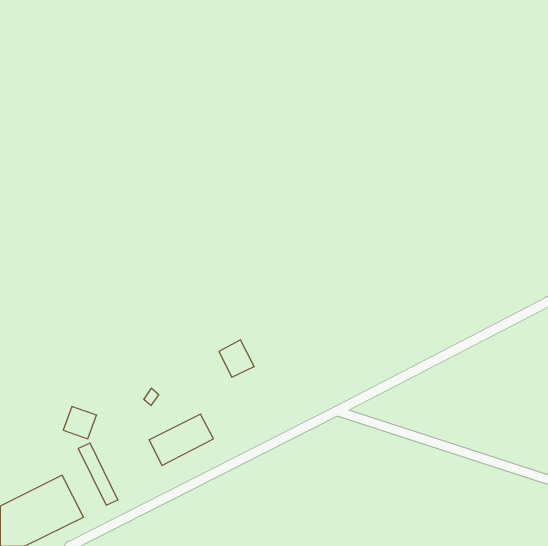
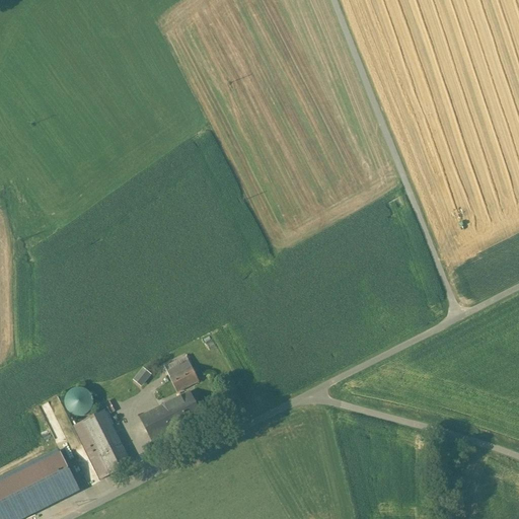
building: [219,340,254,377] -> [165,355,199,390]
building: none -> [85,410,131,472]

